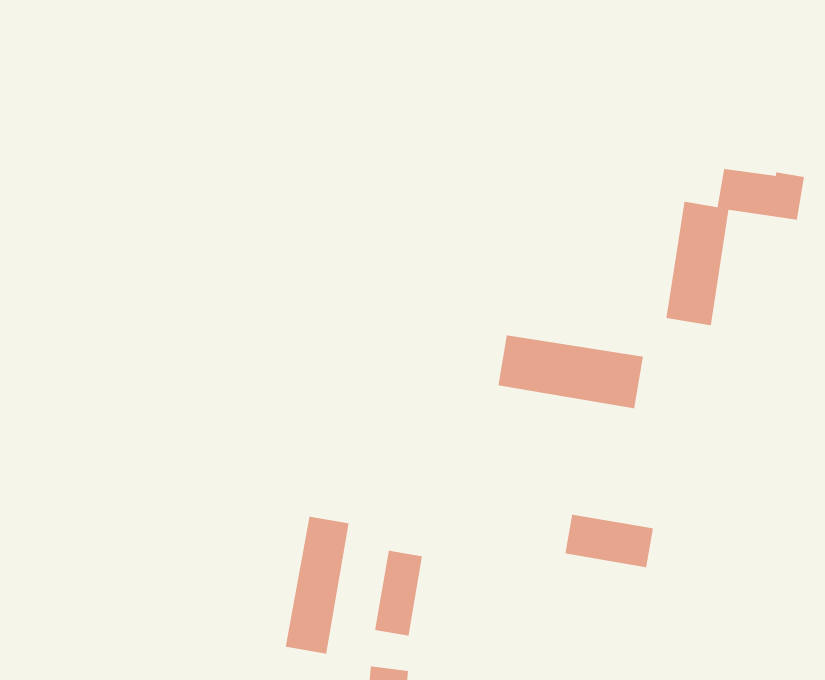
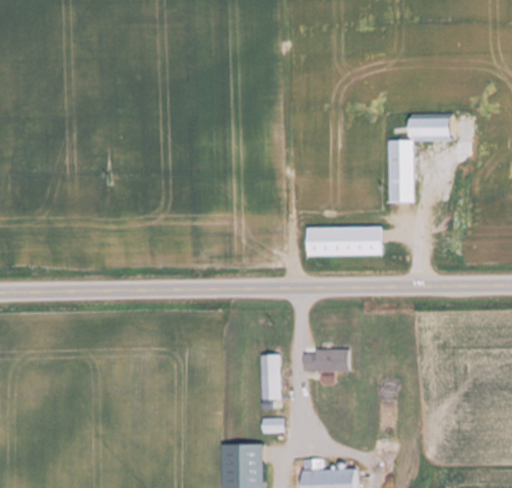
building: [565,514,654,568] -> [304,349,349,371]
building: [285,516,350,654] -> none

